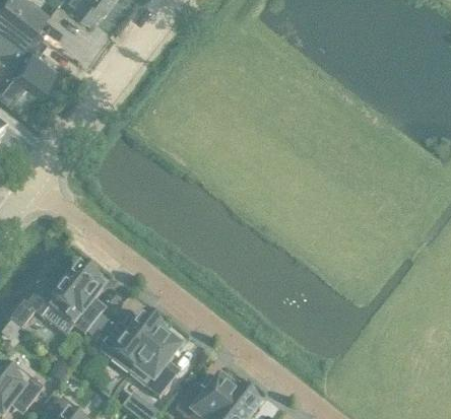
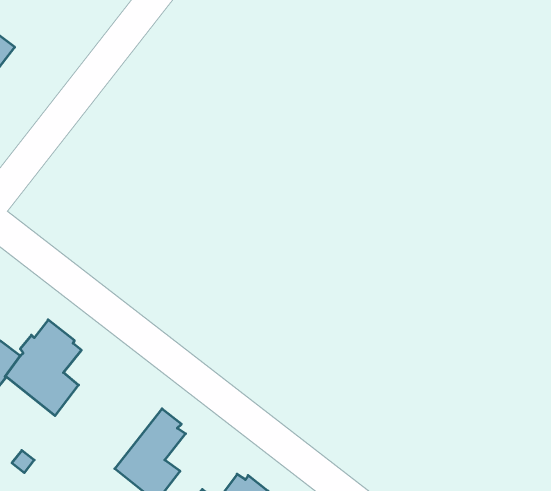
building: [99,315,164,373] -> none

